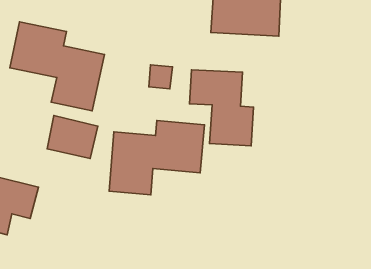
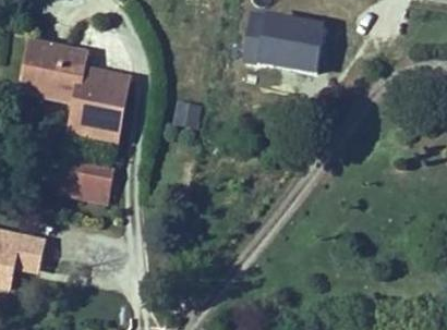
building: [190,70,253,146] -> none
building: [109,121,205,195] -> none

